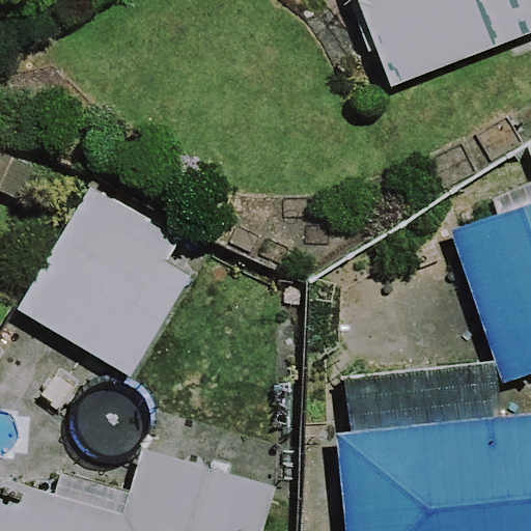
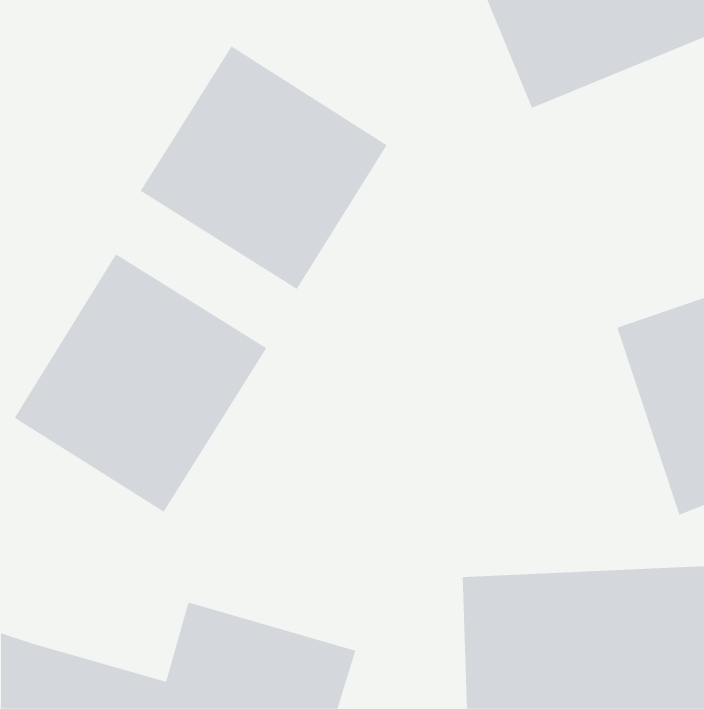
building: none -> [140,46,387,290]

